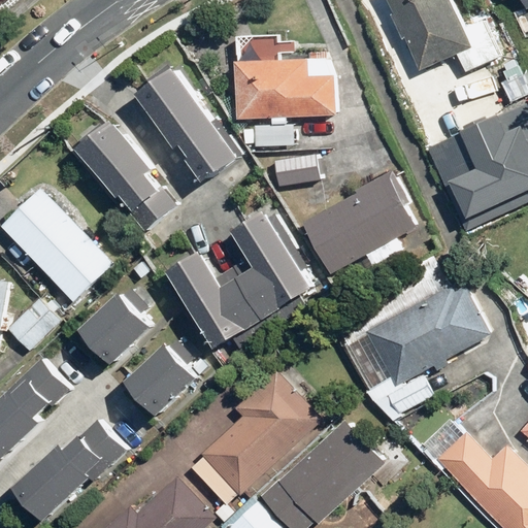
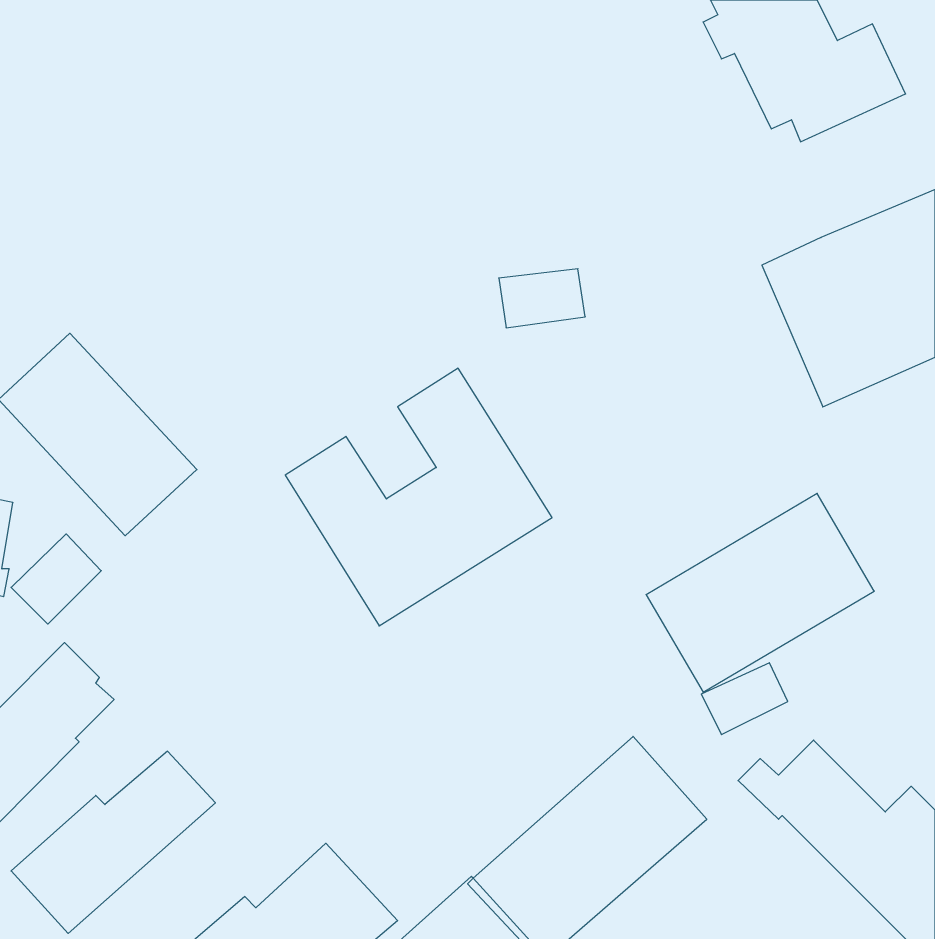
building: [243,56,345,114] -> none
building: [131,69,232,183] -> none
building: [71,119,165,228] -> none
building: [298,172,419,276] -> none
building: [75,287,147,365] -> none
building: [122,339,194,419] -> none
building: [194,365,331,504] -> none

